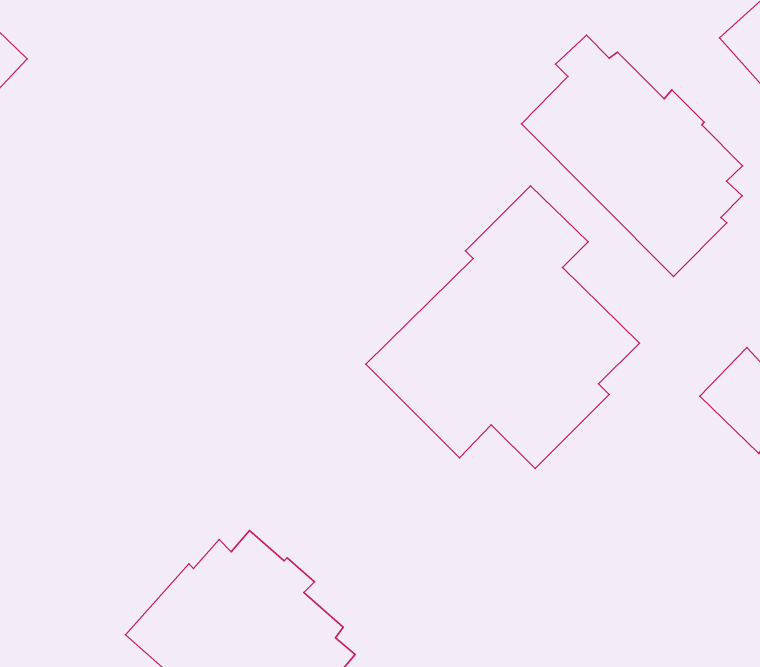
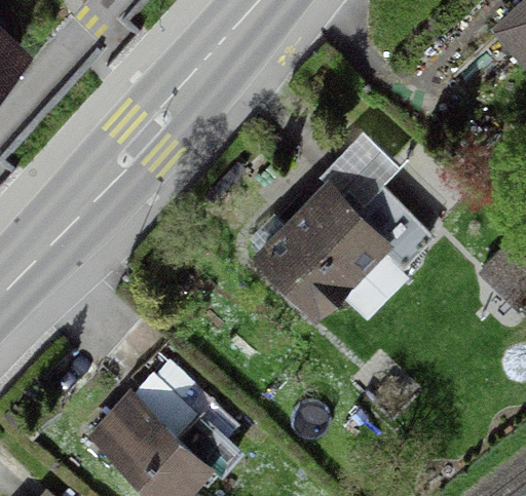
building: [522,35,743,276] -> none

